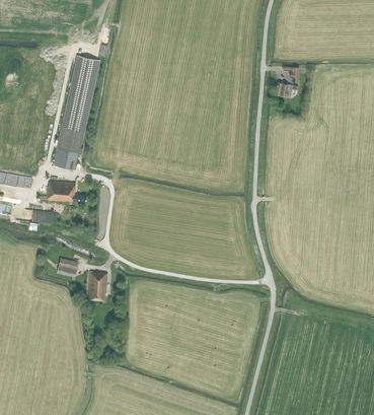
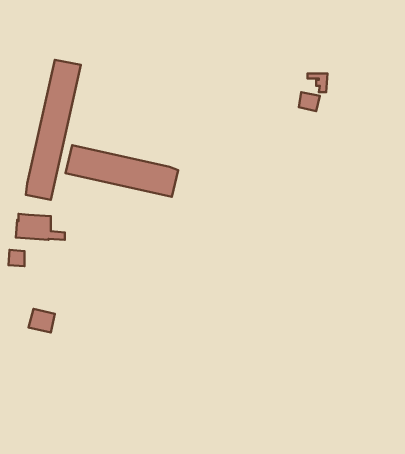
building: none -> [65,145,178,197]
building: [87,271,106,301] -> none

